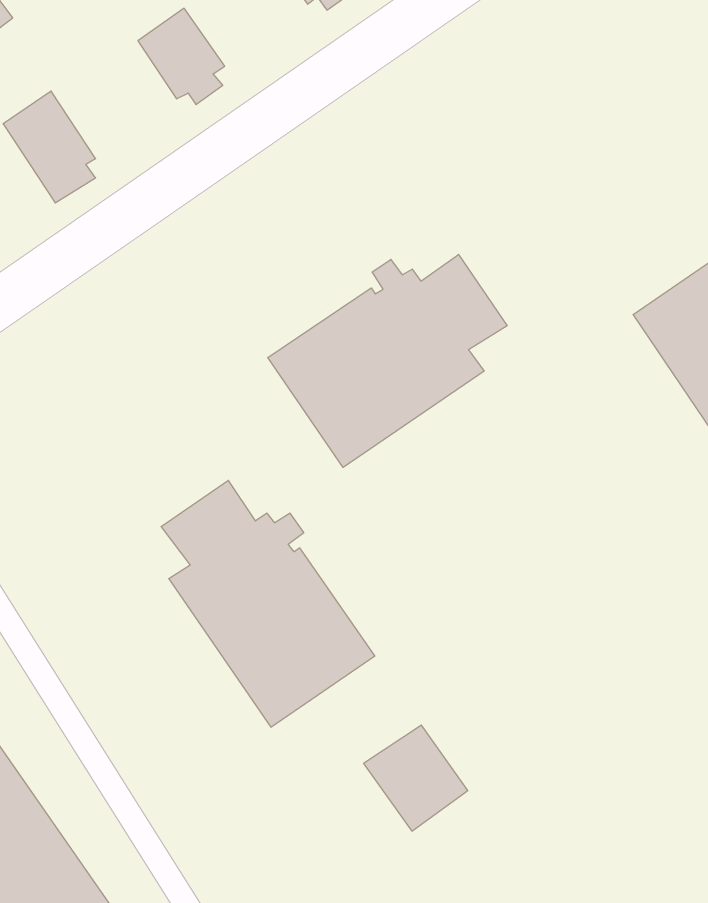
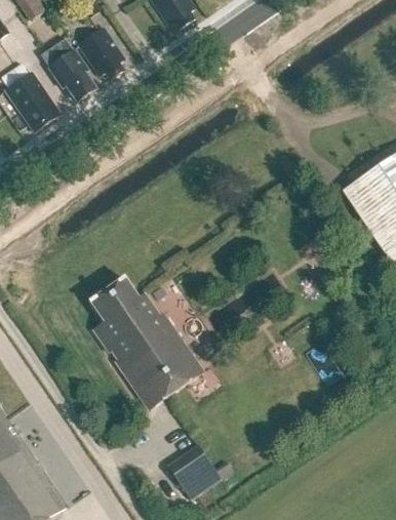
building: none -> [41,37,95,101]
building: [268,254,507,467] -> none
building: [364,725,468,831] -> [167,442,223,498]

